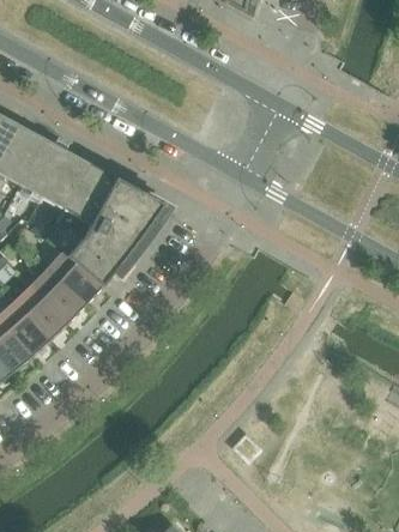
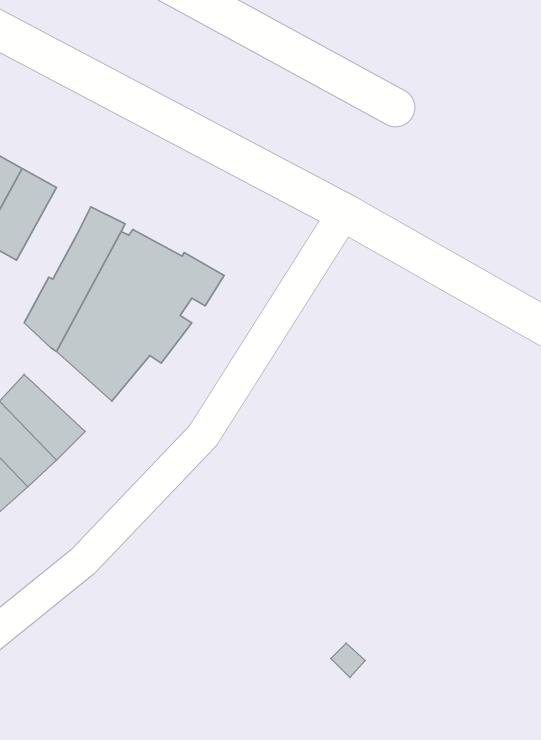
building: [41,151,87,208] -> none
building: [46,252,101,304] -> none

